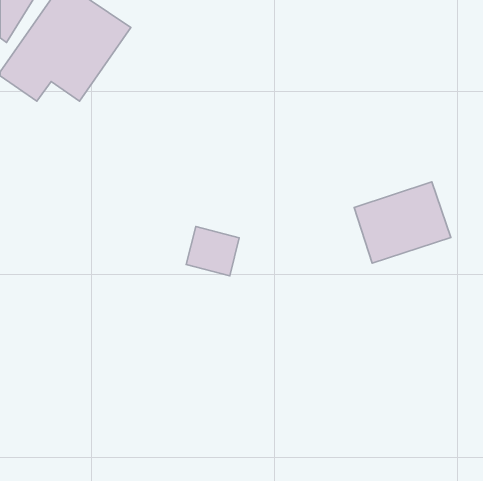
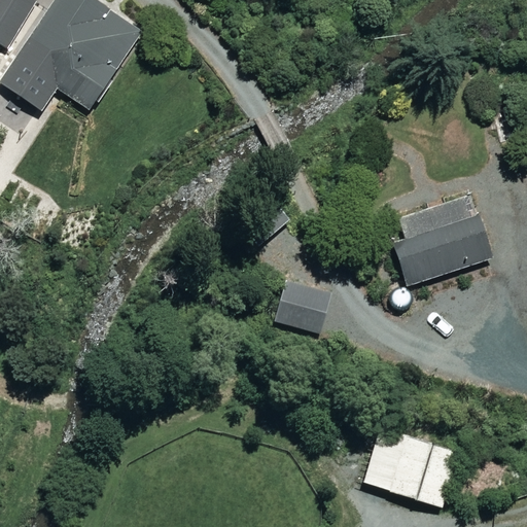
building: [186,227,239,276] -> [273,279,330,332]
building: none -> [361,428,457,507]

